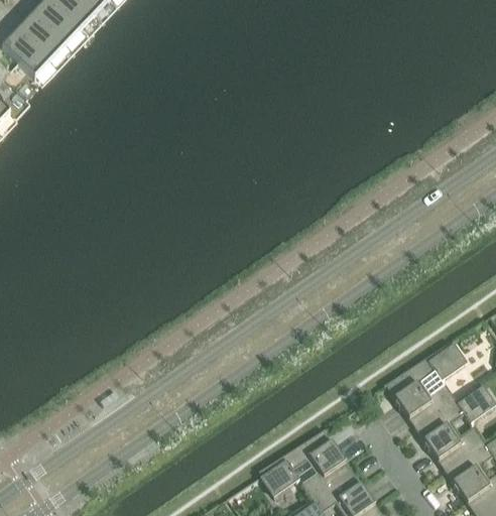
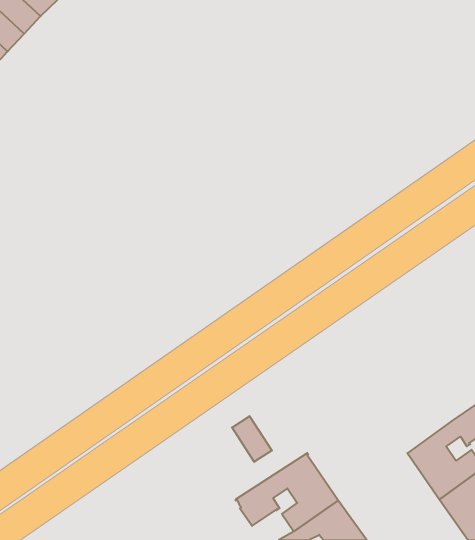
building: [386,344,468,430] -> none
building: none -> [232,416,272,462]

